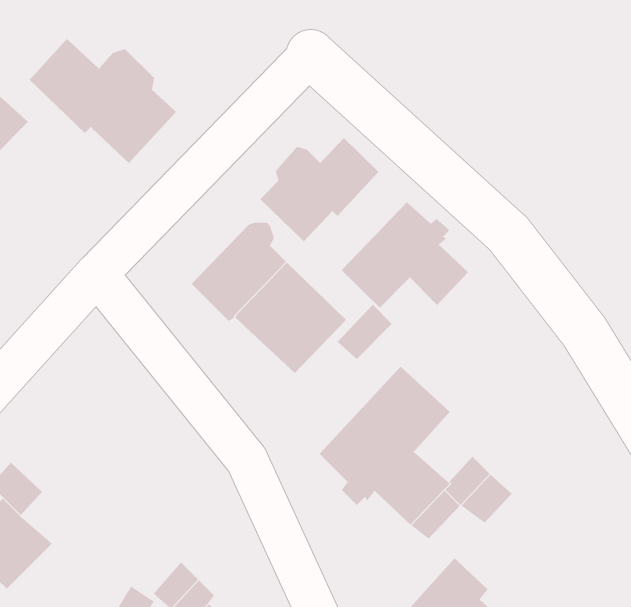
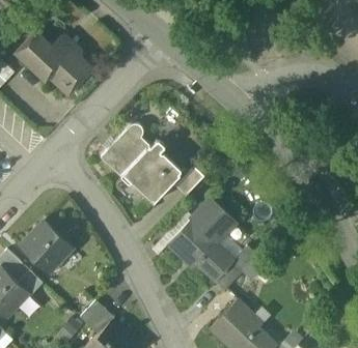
building: [260,137,379,242] -> none
building: [341,202,469,308] -> none
building: none -> [22,222,72,271]

